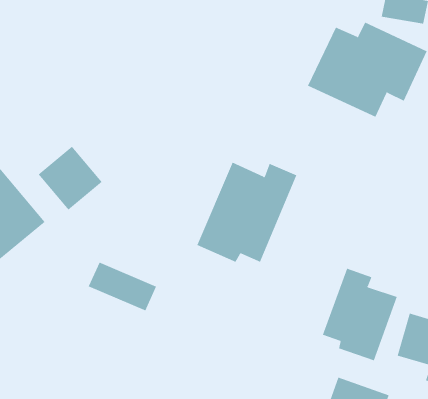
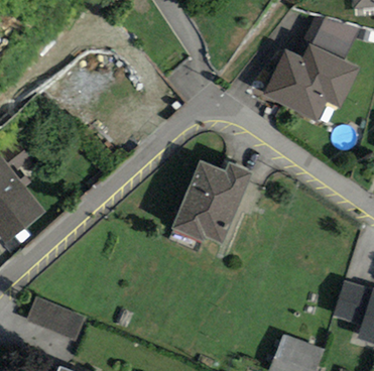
building: [38,146,102,210] -> none
building: [88,262,157,311] -> [26,298,83,339]
building: [322,268,397,361] -> none

